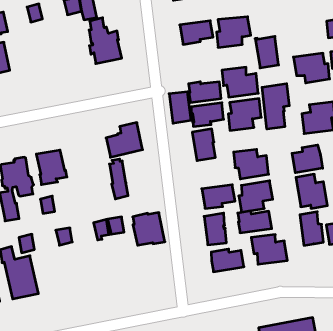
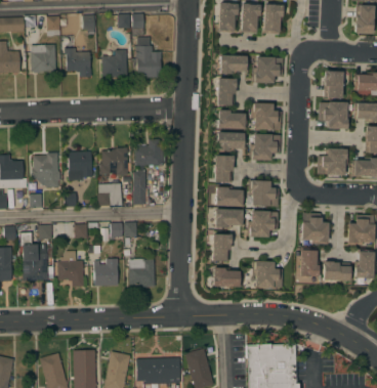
building: none -> [101,50,127,77]
building: [255,36,279,68] -> [324,71,342,98]
building: none -> [65,48,91,77]
building: [262,84,289,129] -> none
building: [169,92,191,123] -> [216,78,235,105]
building: none -> [98,147,128,175]
building: [292,145,323,173] -> none
building: none -> [97,179,122,206]
building: [238,211,272,233] -> [214,187,244,207]
building: [133,213,165,245] -> [128,258,155,287]
building: none -> [57,251,84,287]
building: none -> [93,258,118,286]

